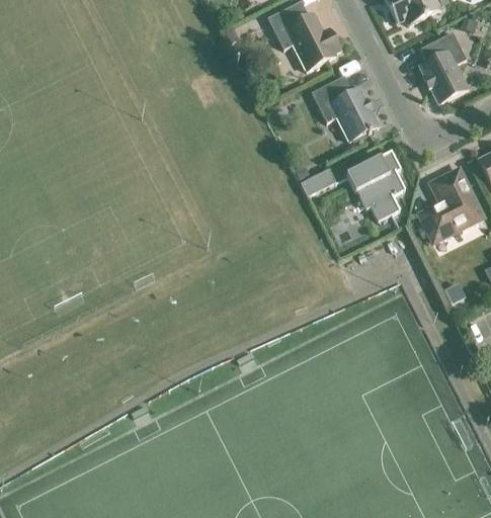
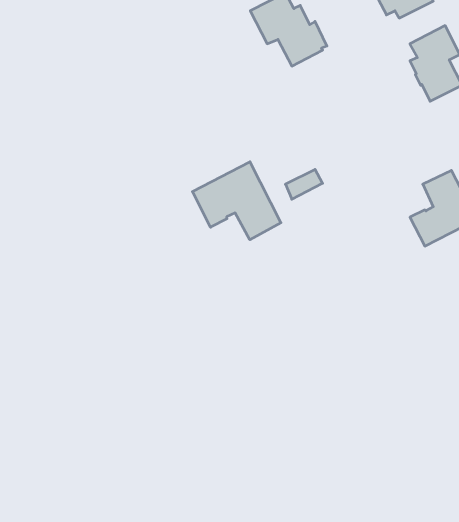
building: [311,76,379,142] -> none
building: [346,151,405,222] -> none
building: none -> [192,162,281,240]

